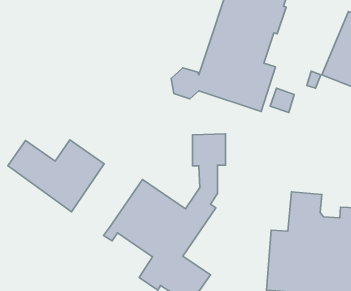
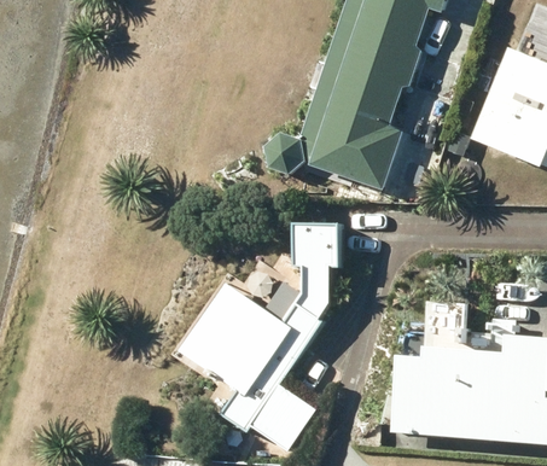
building: [8,140,104,212] -> none

